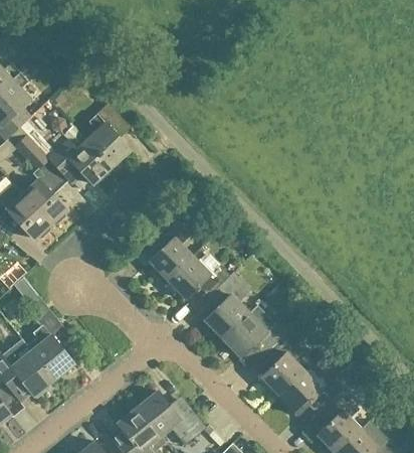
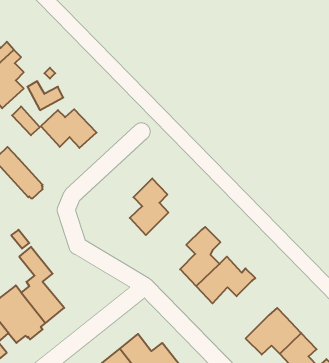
building: [85,104,129,166] -> none
building: [23,180,66,224] -> none
building: [166,247,228,299] -> none
building: [257,319,307,397] -> none

